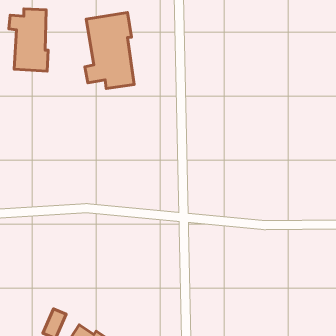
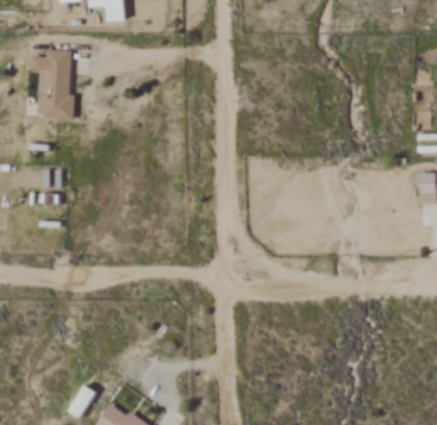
building: [85,13,134,89] -> none

